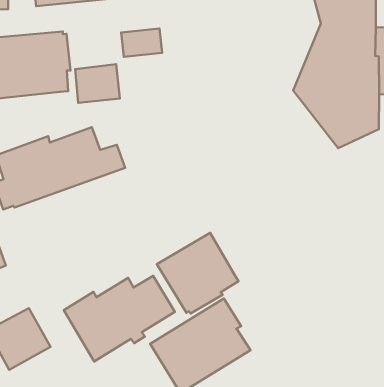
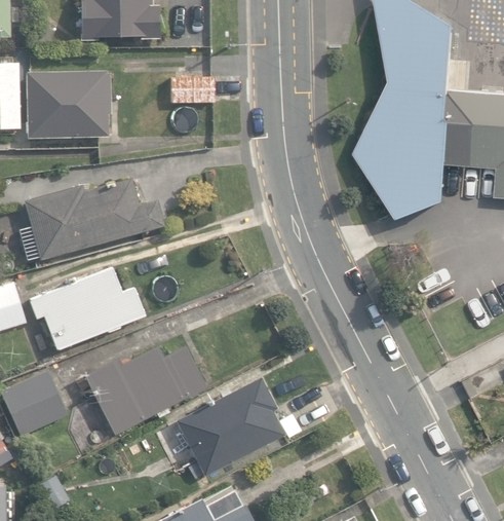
building: [75,64,120,103] -> none
building: none -> [28,267,144,349]
building: [157,233,239,314] -> none

